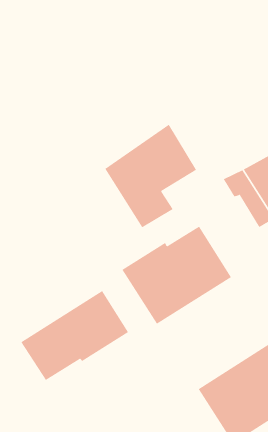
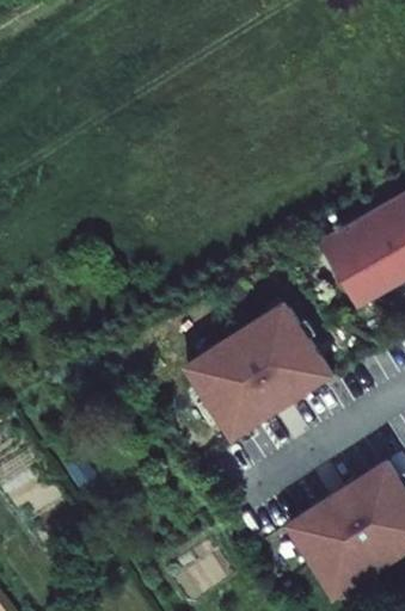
building: [104,124,197,228] -> none
building: [20,290,129,381] -> none

